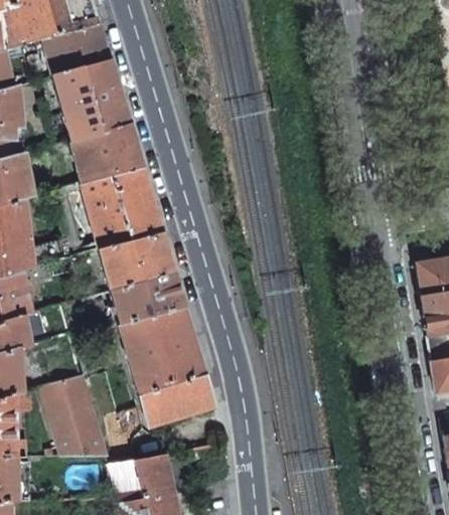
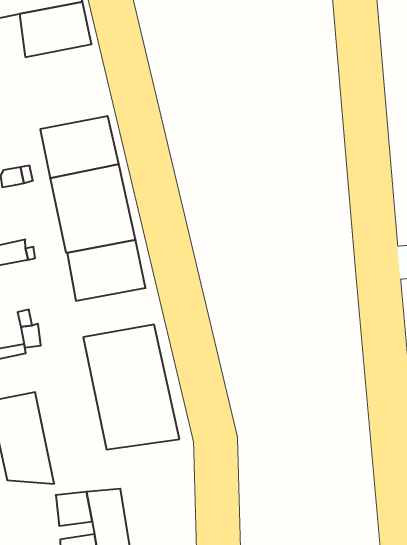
building: [51,60,129,140] -> none
building: [113,275,184,323] -> none

